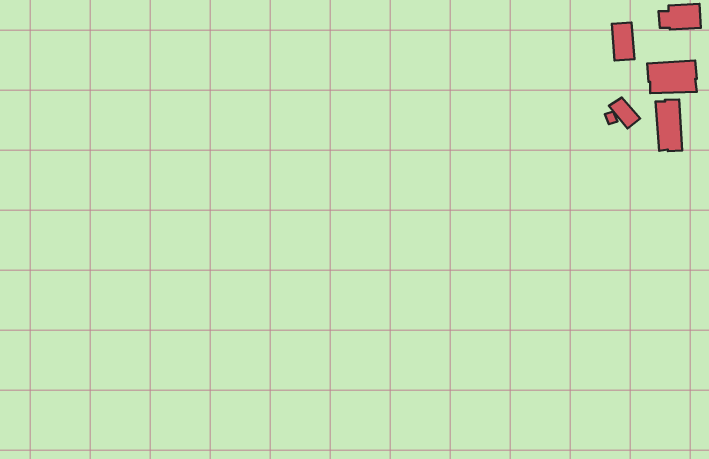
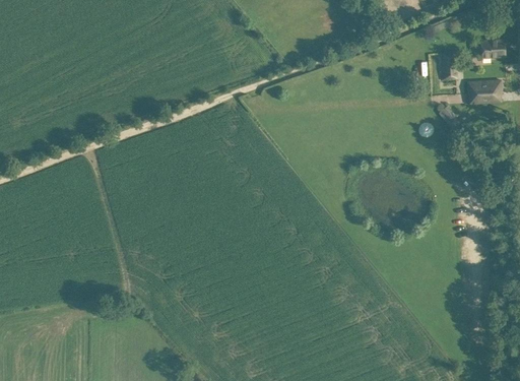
building: [655,100,682,151] -> none

